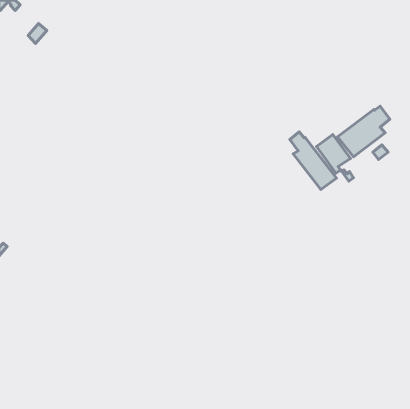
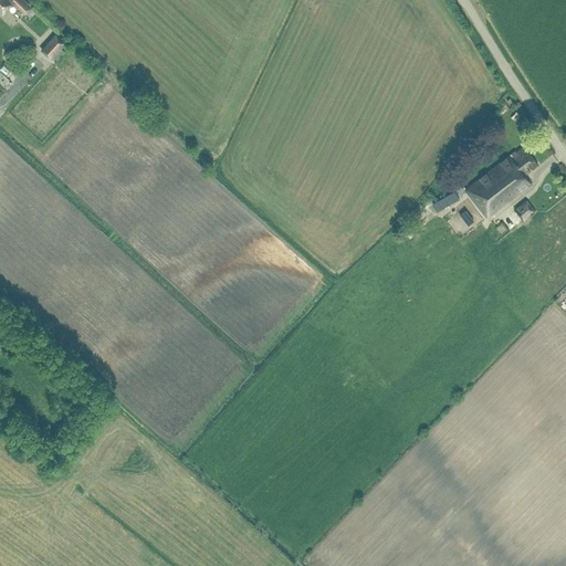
building: [290,132,337,190] -> none

